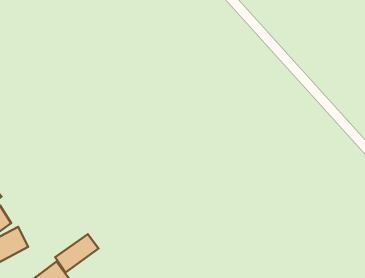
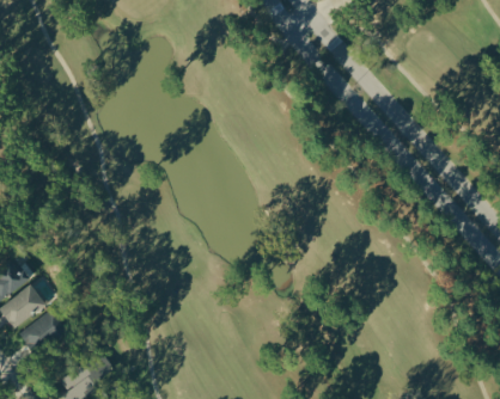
building: [55,234,99,273] -> none

